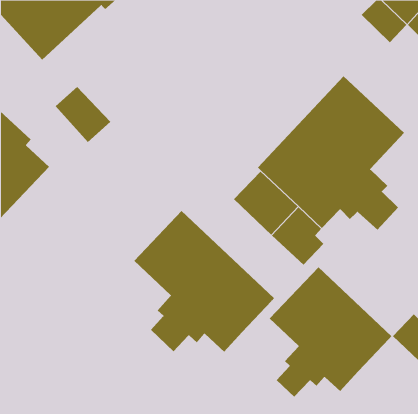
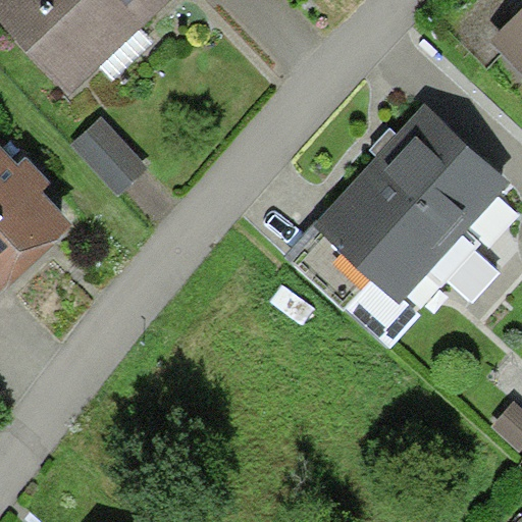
building: [134,210,275,352] -> none
building: [269,266,392,398] -> none

